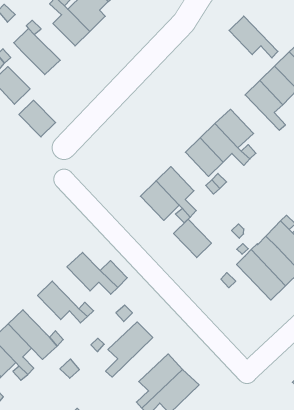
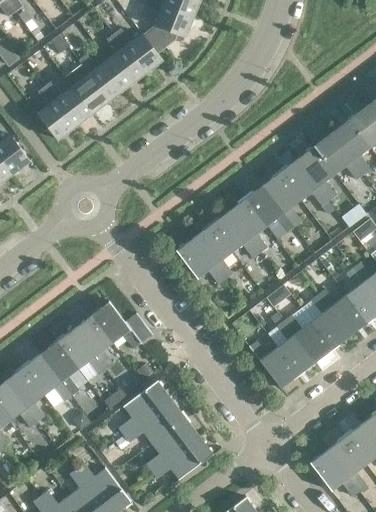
building: [229,16,278,58] -> [280,159,328,206]
building: none -> [89,61,127,100]
building: [19,100,56,137] -> [55,87,92,126]
building: [174,219,211,258] -> [211,211,249,252]
building: none -> [74,315,112,356]
building: none -> [259,347,298,388]
building: none -> [40,341,78,382]
building: none -> [124,399,185,443]

